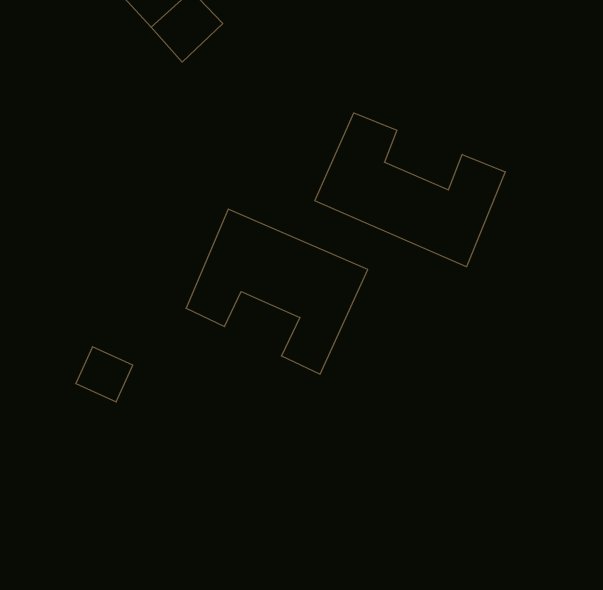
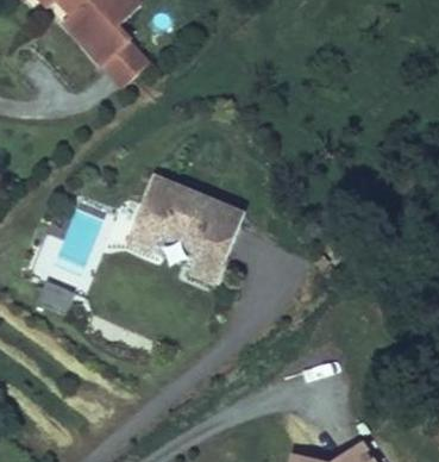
building: [315,113,505,267] -> none

